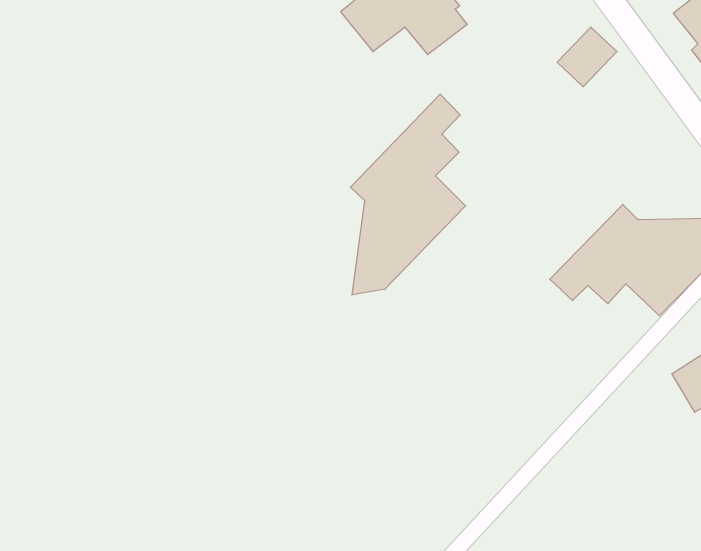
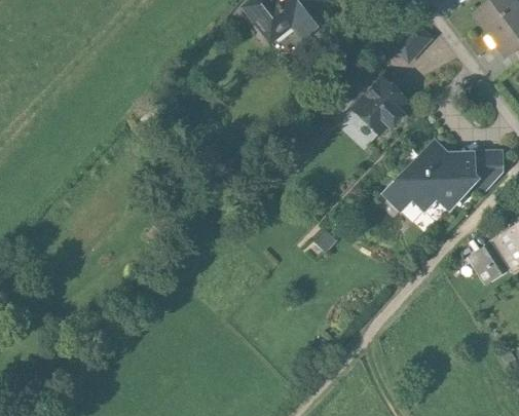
building: [350,94,466,295] -> none
building: none -> [350,75,411,137]

